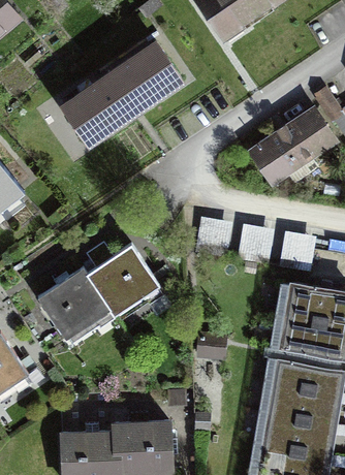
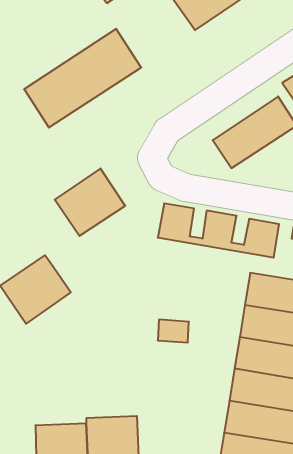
building: [86,245,156,312] -> [55,168,125,236]

